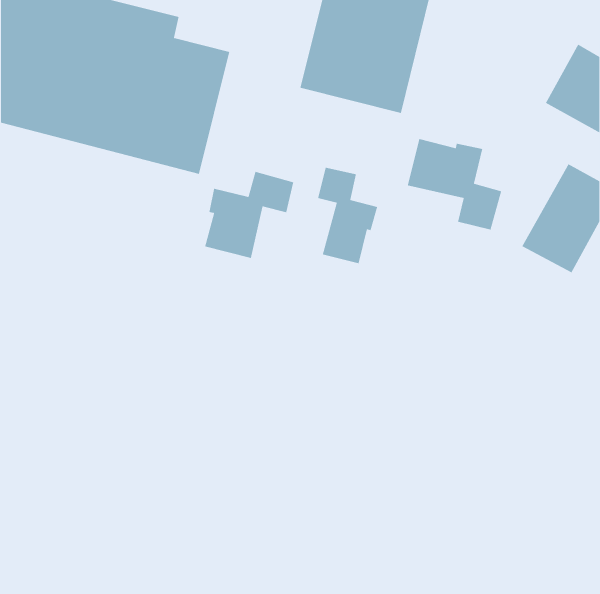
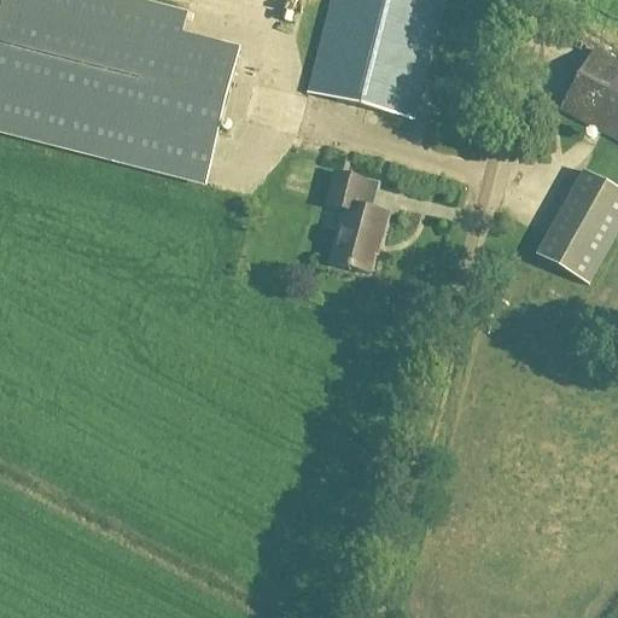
building: [407,138,502,230] -> none
building: [204,171,294,259] -> none

